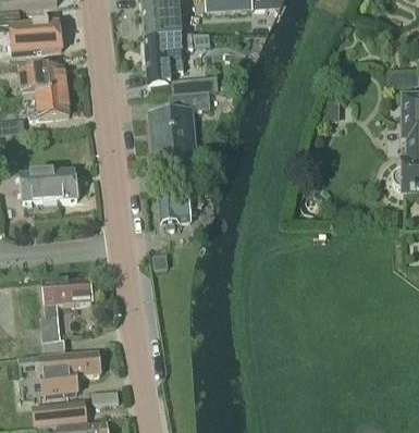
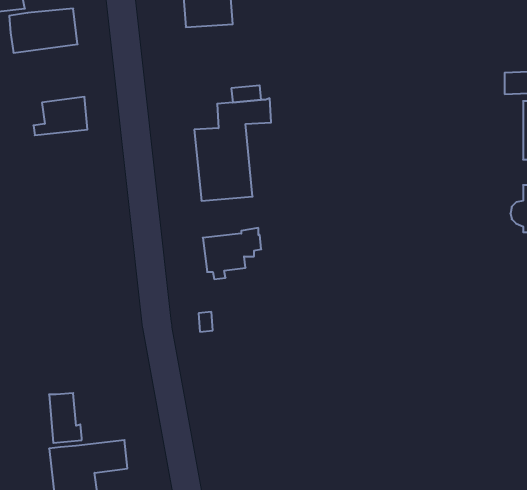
building: [145,32,193,84] -> none
building: [19,59,67,94] -> none
building: [20,170,79,203] -> none
building: [42,276,91,305] -> none

